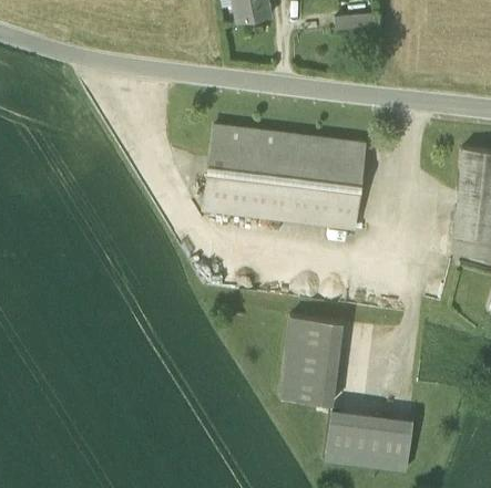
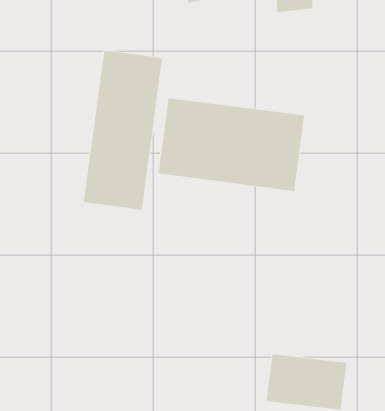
building: none -> [83,50,162,210]
building: [279,316,341,405] -> none

